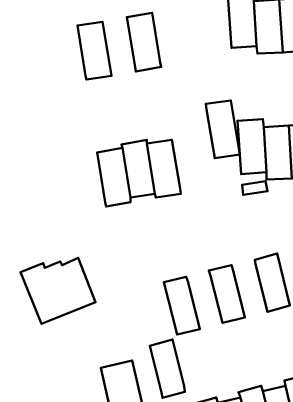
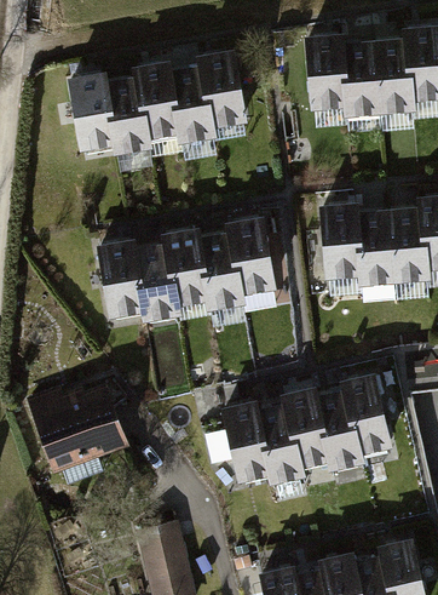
building: none -> [204,46,250,125]
building: none -> [138,59,183,137]
building: none -> [70,70,116,148]
building: [206,100,240,158] -> [231,217,277,294]
building: none -> [97,240,143,319]
building: none -> [315,396,363,475]
building: [150,339,185,398] -> [254,412,301,491]

